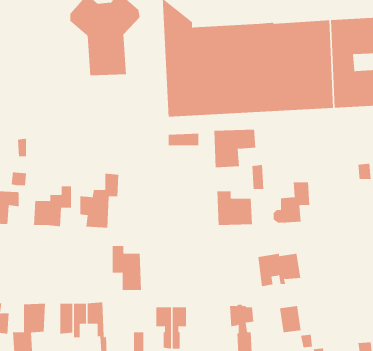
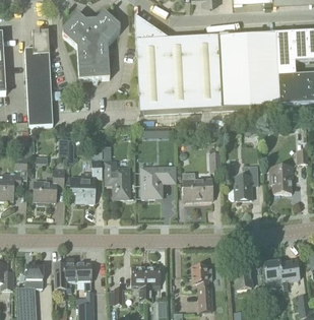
building: none -> [25,27,61,124]
building: [214,129,256,168] -> [141,166,176,197]
building: none -> [270,166,293,192]
building: [112,246,142,291] -> [106,161,130,197]
building: [257,253,301,287] -> [264,258,300,285]

